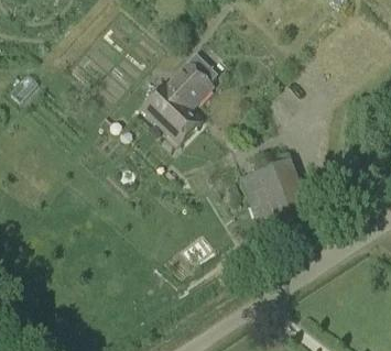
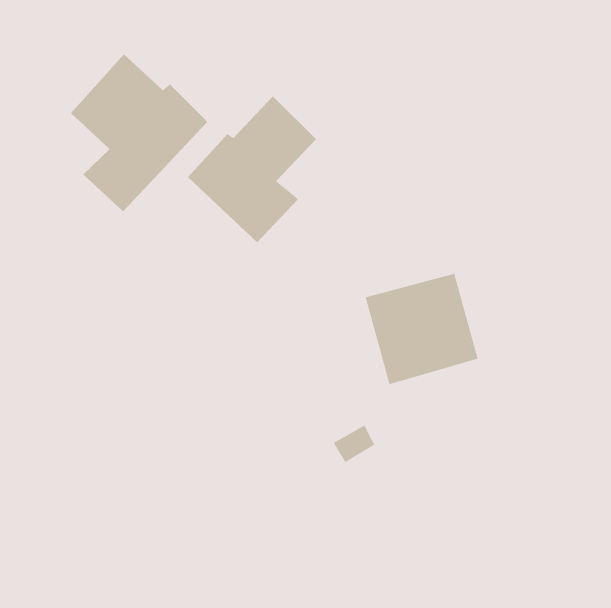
building: none -> [70,53,208,212]

